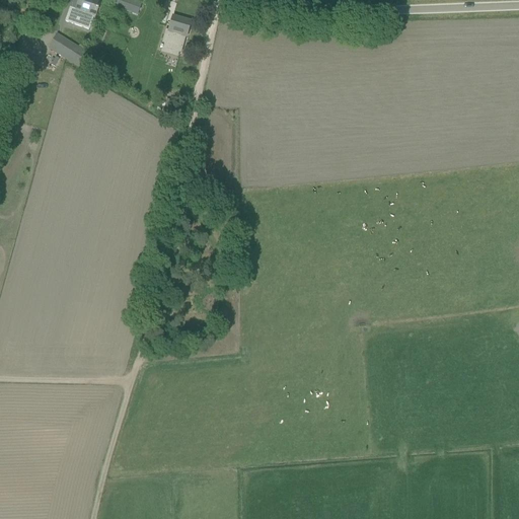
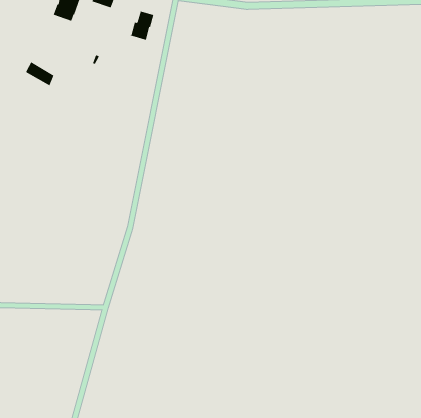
building: [50,32,85,63] -> [25,61,54,86]

